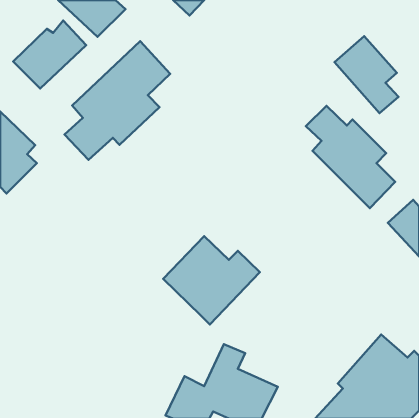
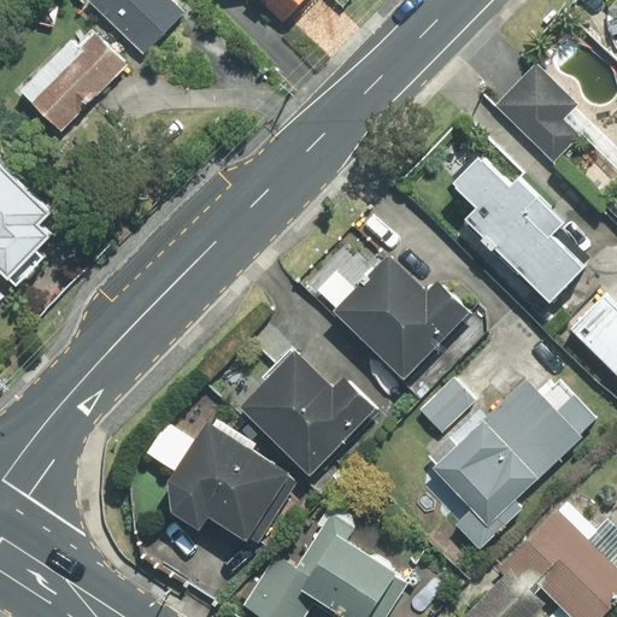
building: [64,41,170,160] -> none
building: none -> [313,257,475,380]
building: none -> [418,375,599,545]
building: none -> [141,419,290,545]

